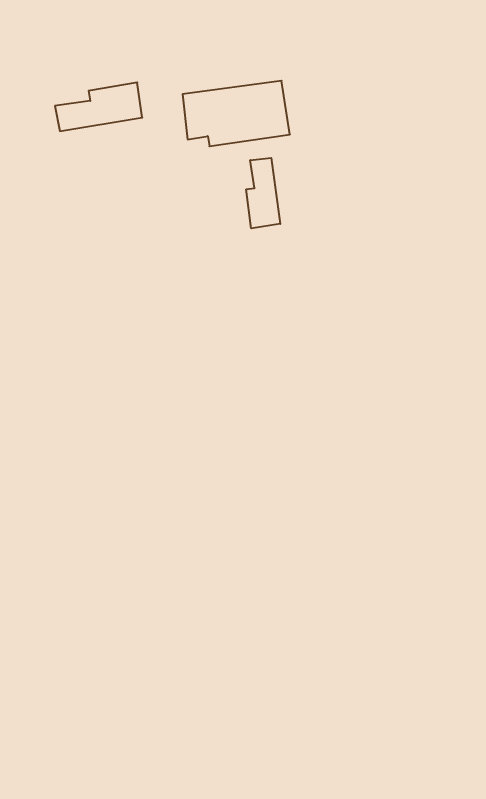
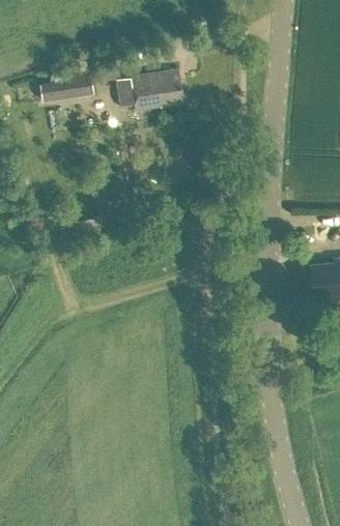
building: [246,158,280,228] -> none

